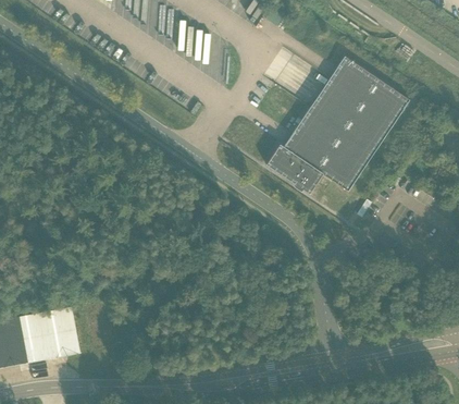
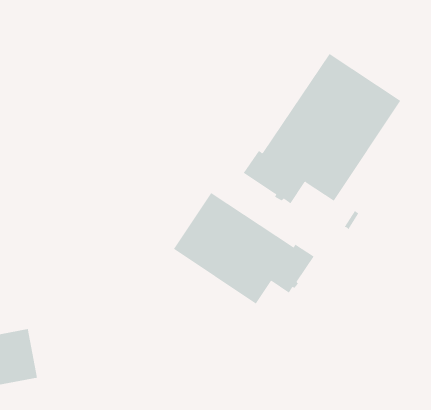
building: none -> [173,192,314,304]

